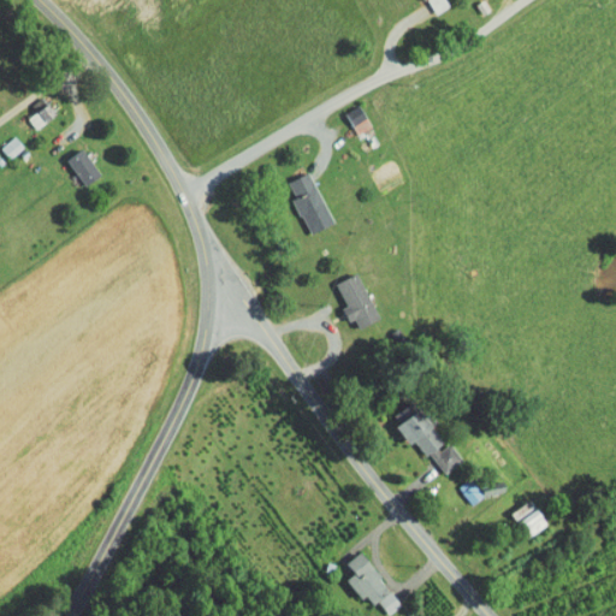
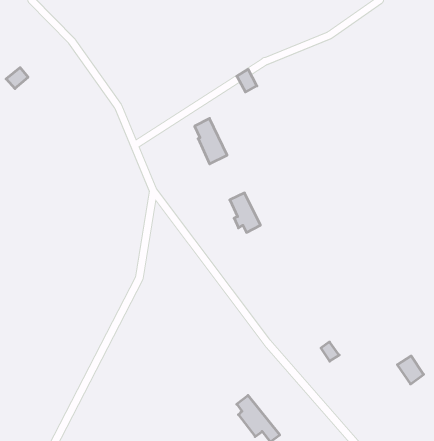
building: [65,148,101,188] -> none
building: [390,409,462,476] -> none
building: [511,500,547,539] -> [397,356,424,384]

